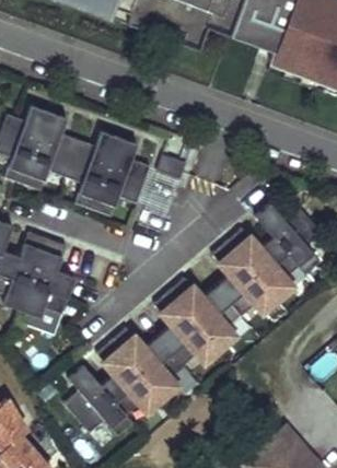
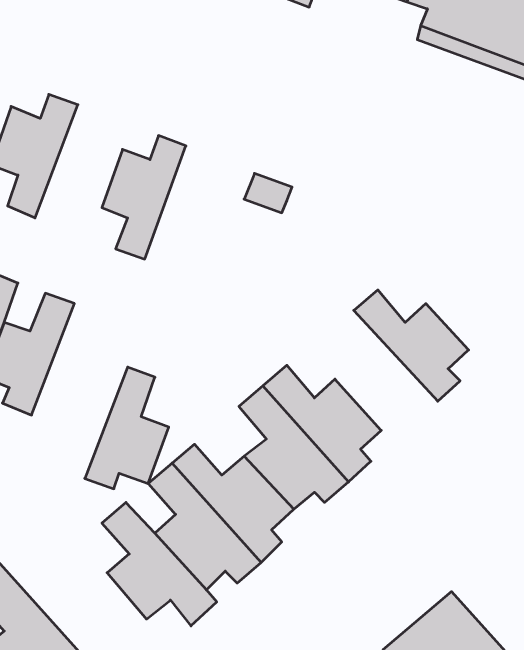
building: [23,112,79,190] -> none
building: [93,138,151,217] -> none
building: [255,206,321,276] -> none
building: [21,238,74,316] -> [85,367,169,489]
building: [211,243,280,319] -> none

